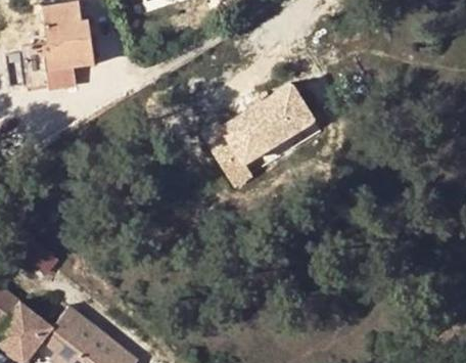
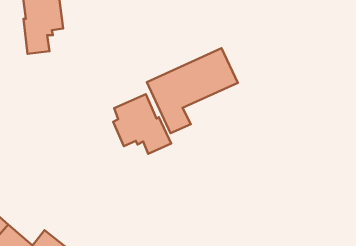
building: none -> [113,94,171,154]

